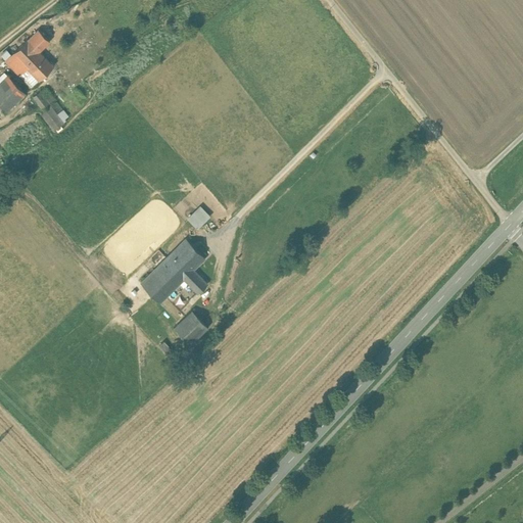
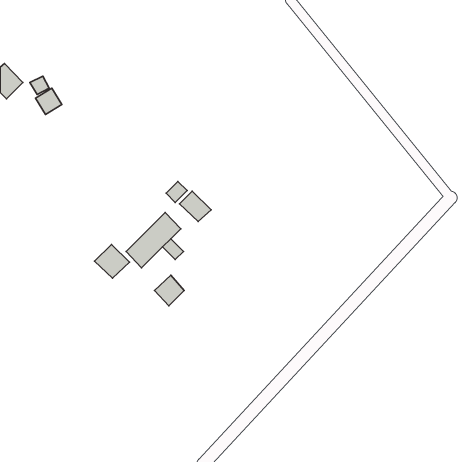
building: [12,40,53,82] -> none
building: none -> [180,191,211,222]
building: none -> [95,244,129,278]

